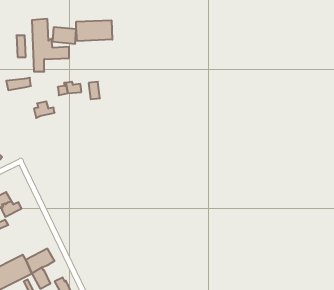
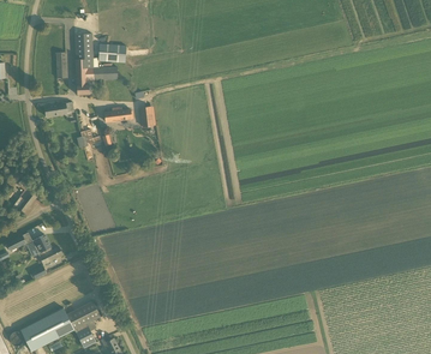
building: [76,20,112,41] -> none

